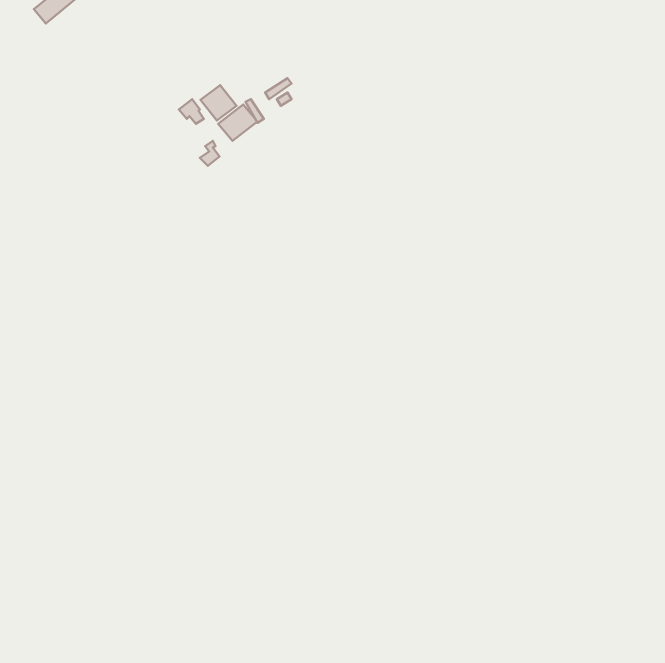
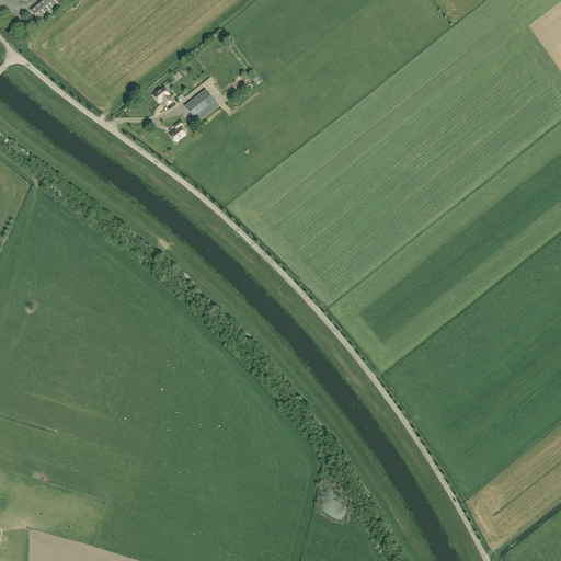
building: [200,85,237,121] -> none

